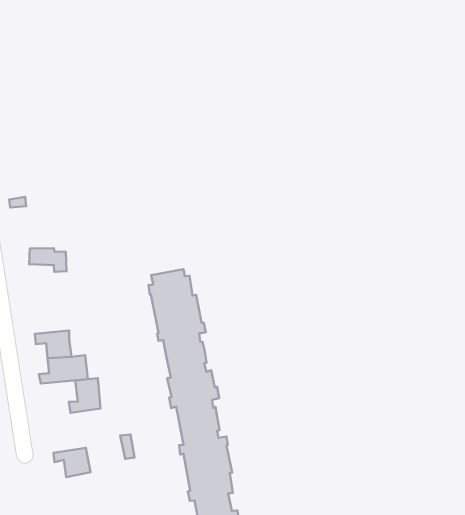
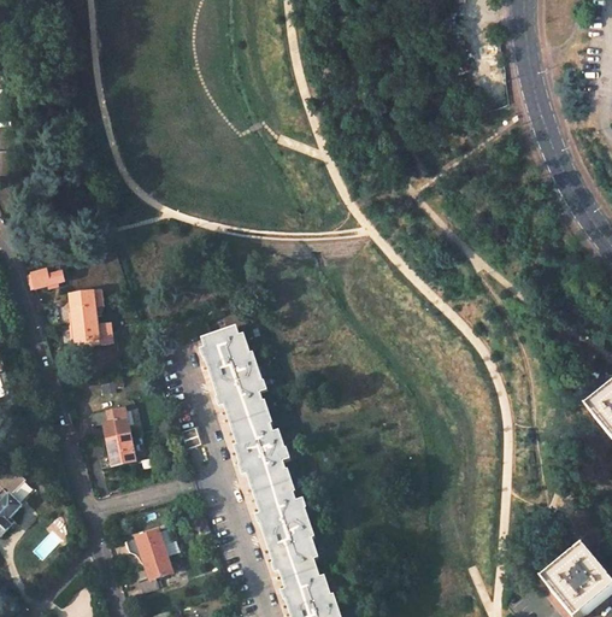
building: none -> [67,288,101,324]
building: [69,378,101,413] -> none
building: none -> [136,554,170,590]

